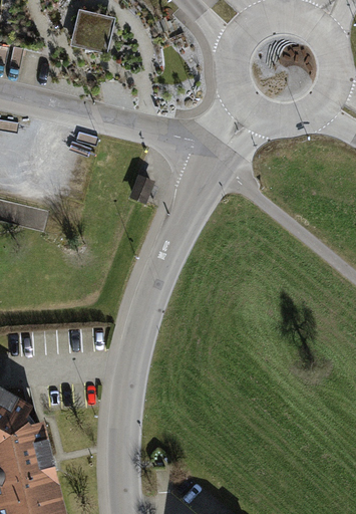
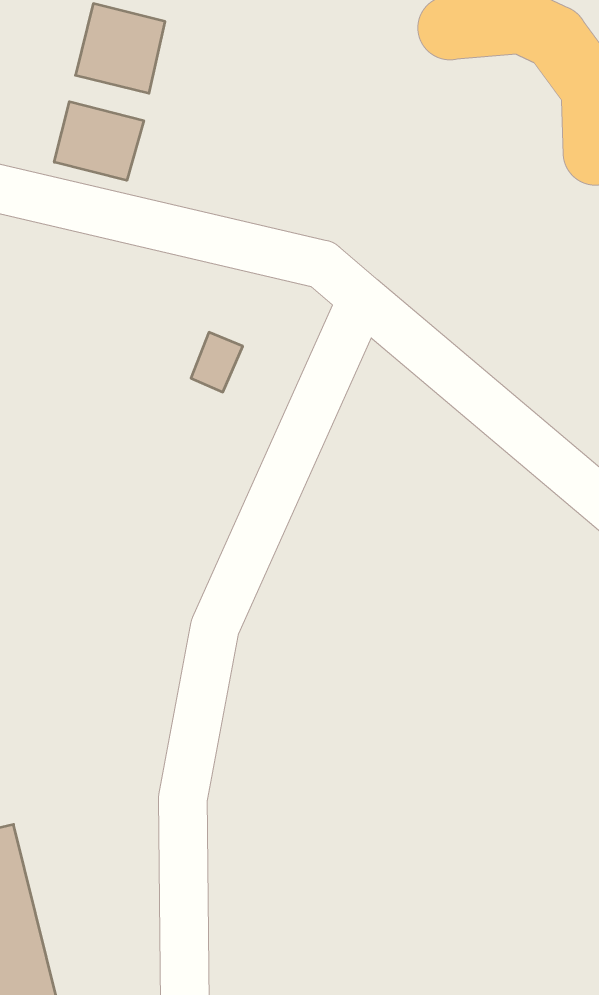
building: none -> [54,102,144,180]

